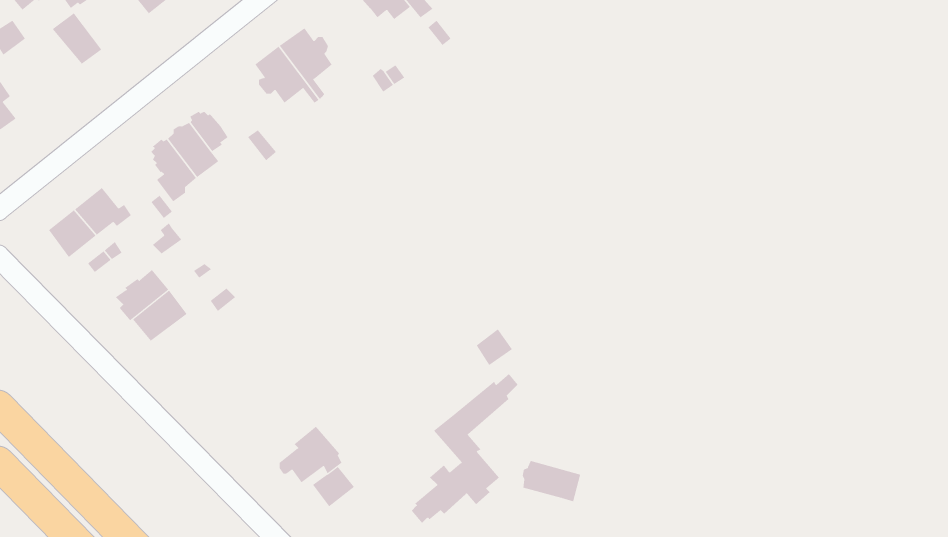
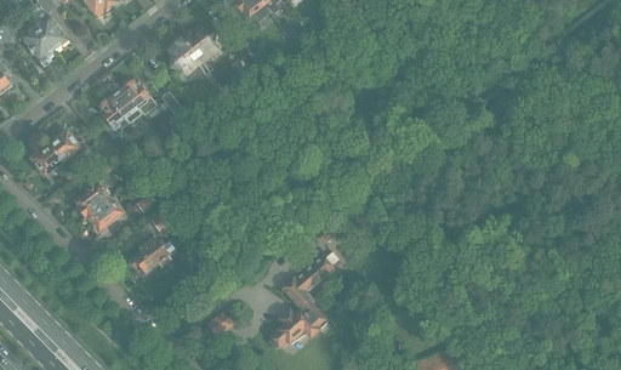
building: none -> [21,25,53,59]
building: [279,426,342,483] -> [130,234,171,272]
building: [522,460,581,502] -> none

